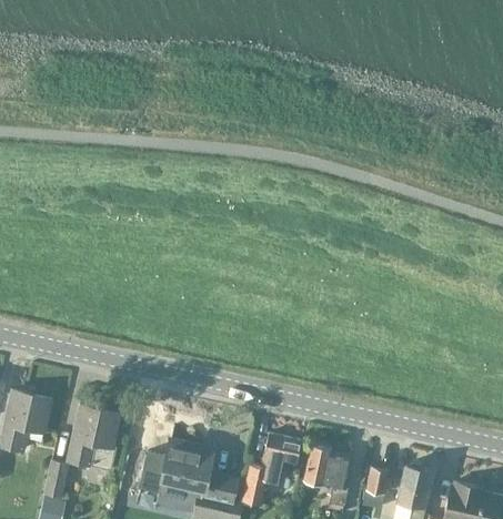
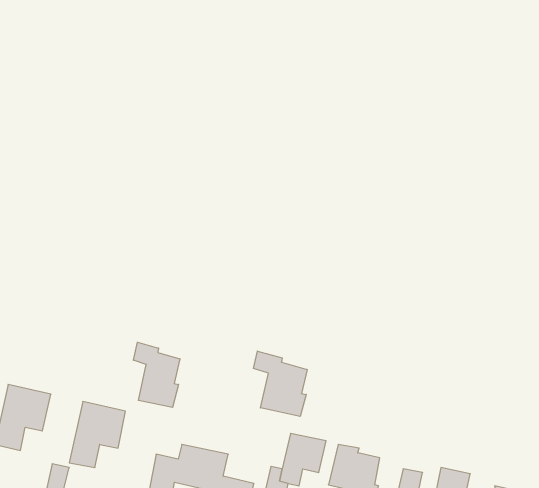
building: none -> [133,342,180,407]
building: none -> [253,351,307,416]

